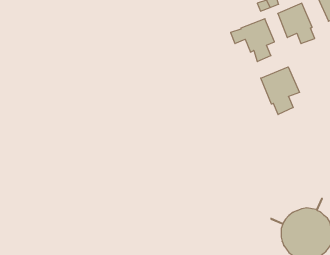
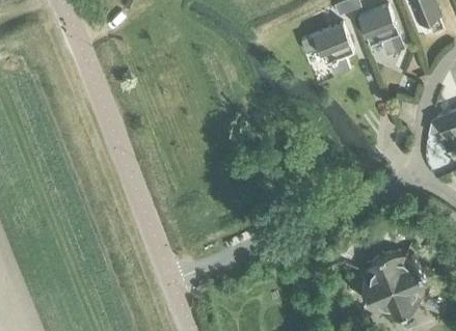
building: [261,67,299,115] -> none

